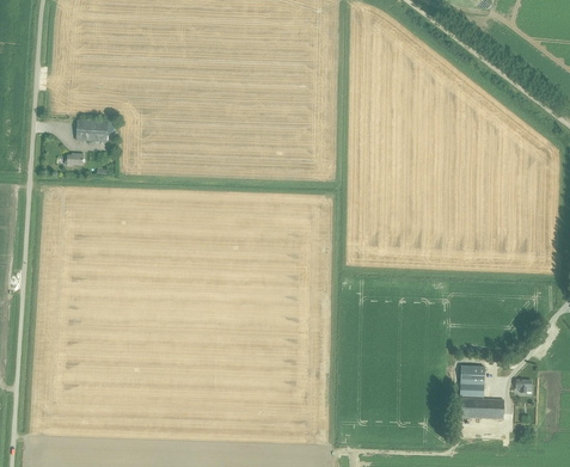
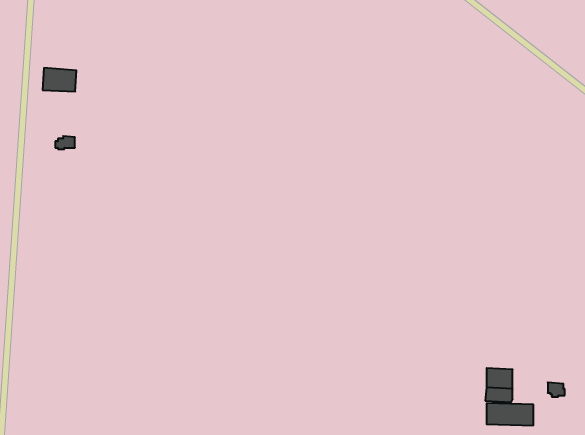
building: [76,119,108,141] -> [43,68,76,91]

